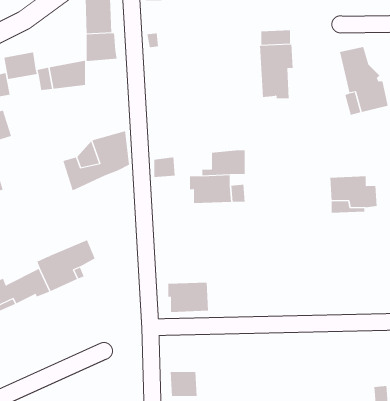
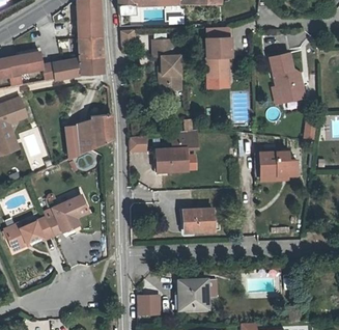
building: none -> [152,49,183,100]
building: none -> [77,58,103,78]
building: [168,282,209,312] -> [182,205,214,228]
building: none -> [183,276,213,308]

